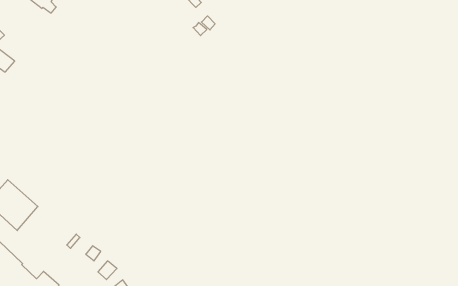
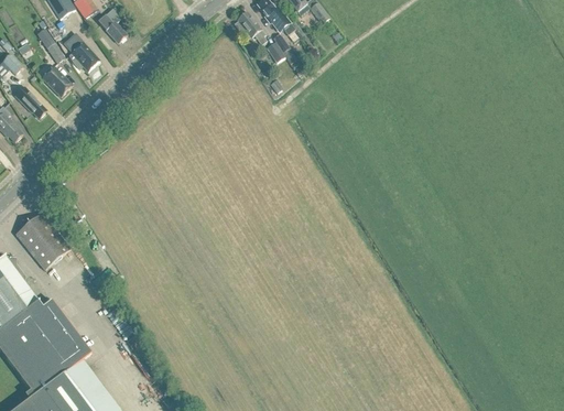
building: none -> [66,41,98,72]

